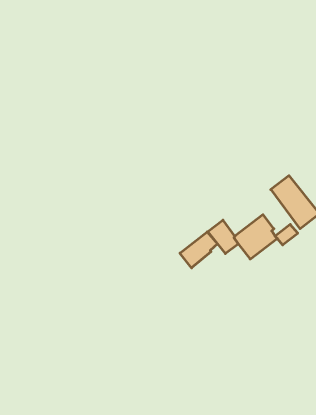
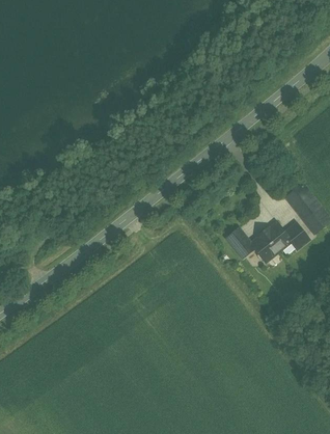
building: [180,232,217,268] -> none

